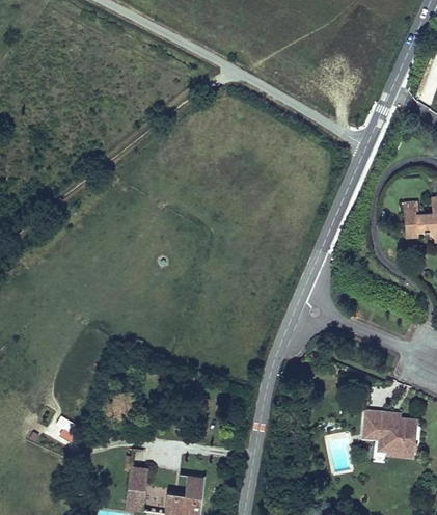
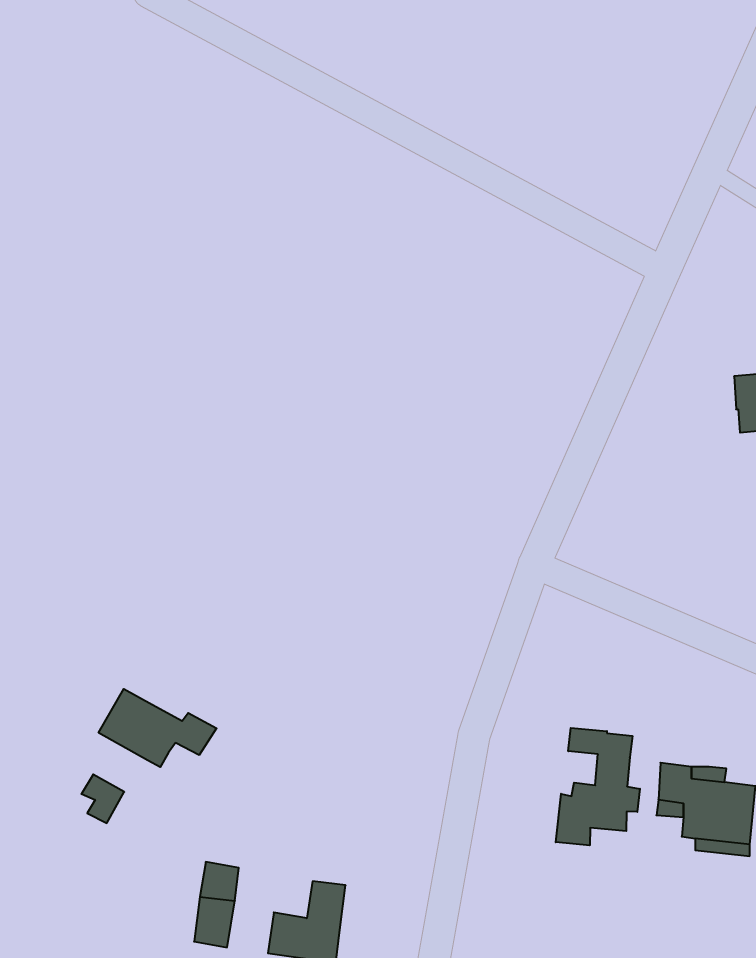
building: none -> [99,689,217,767]
building: none -> [556,728,640,845]

